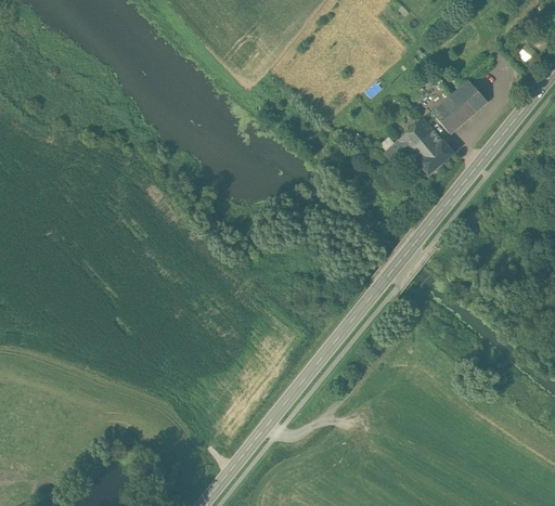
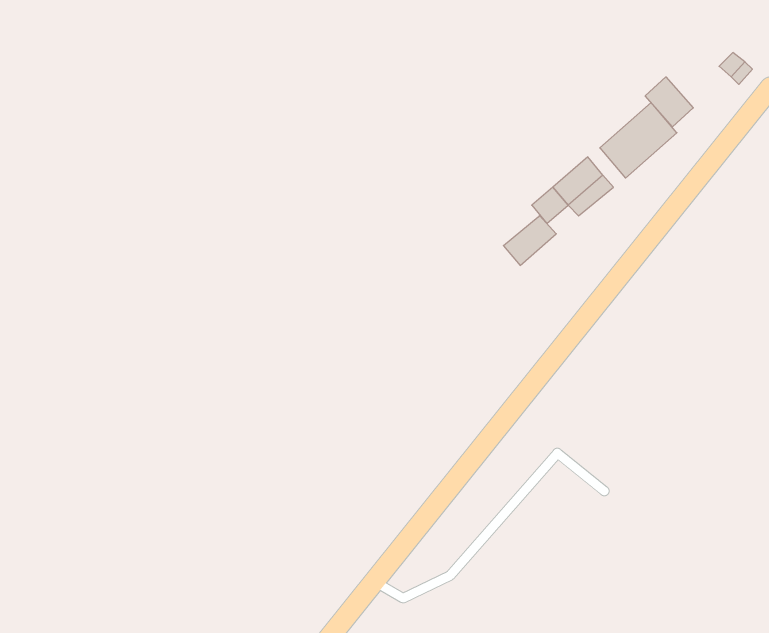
building: none -> [645,77,693,127]
building: [416,139,454,174] -> [503,216,556,265]

